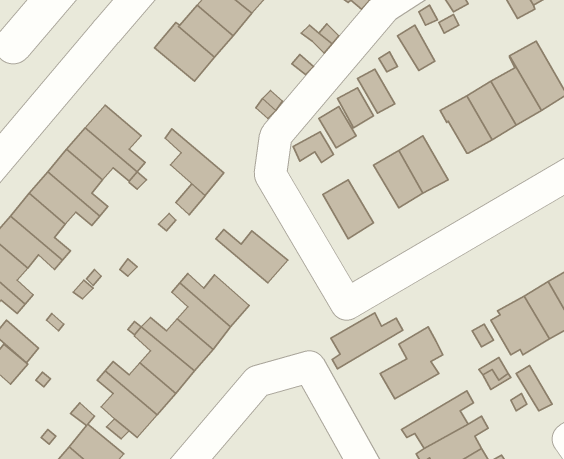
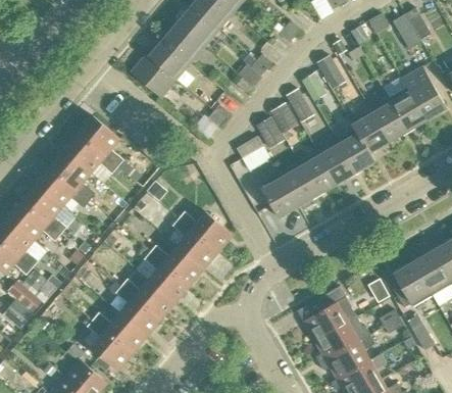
building: none -> [336,128,375,173]
building: [165,129,224,196] -> [172,217,217,268]
building: none -> [279,161,317,205]
building: [331,313,403,369] -> [314,321,369,363]

